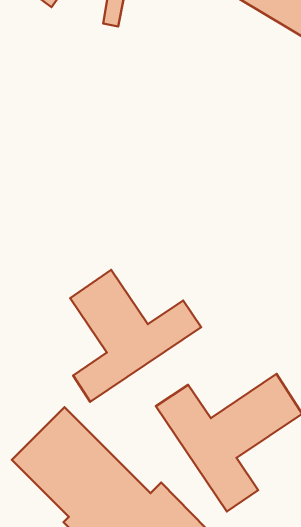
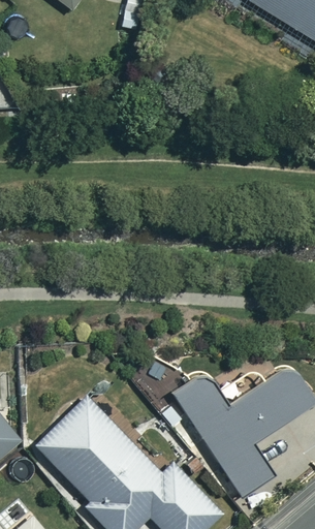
building: [70,270,201,402] -> none

